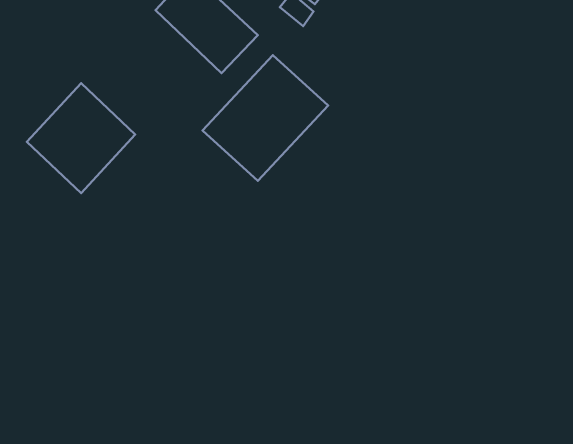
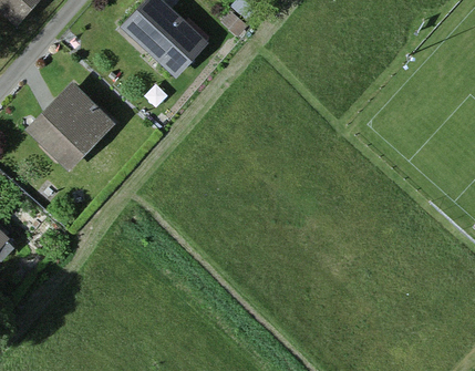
building: [202,55,328,181] -> none

